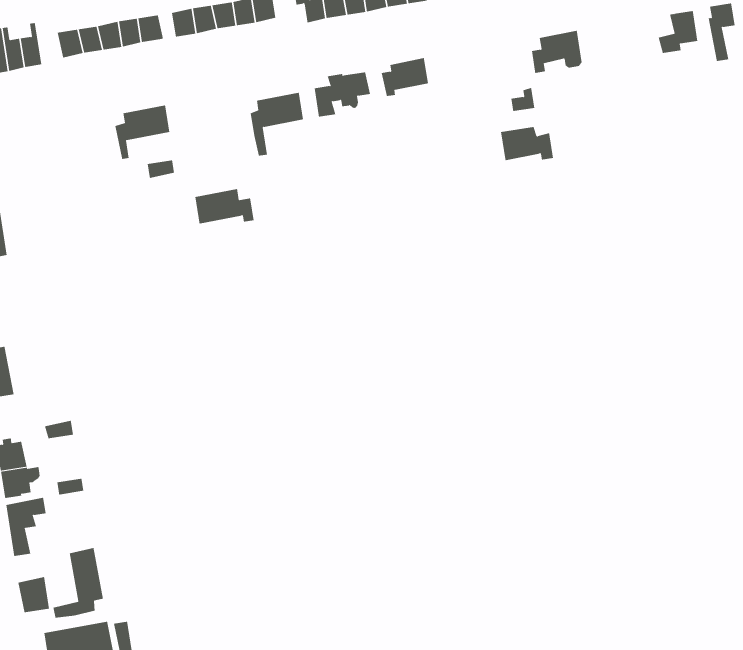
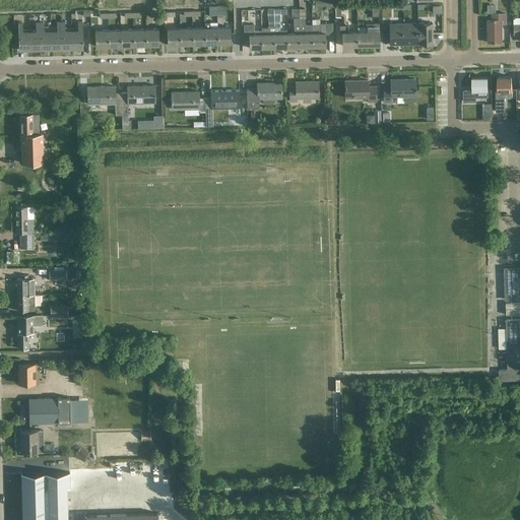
building: none -> [86,86,122,116]
building: [500,127,554,161] -> [345,80,376,102]
building: [194,188,254,224] -> [171,91,205,113]
building: [53,547,103,619] -> none

